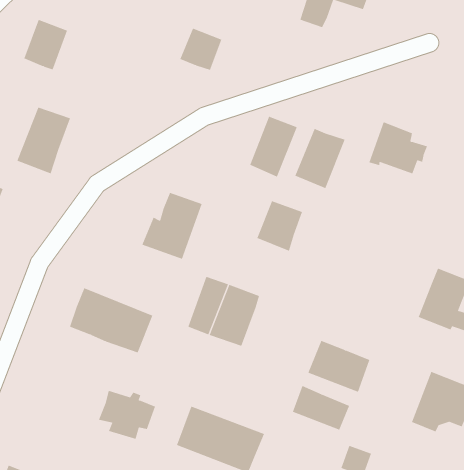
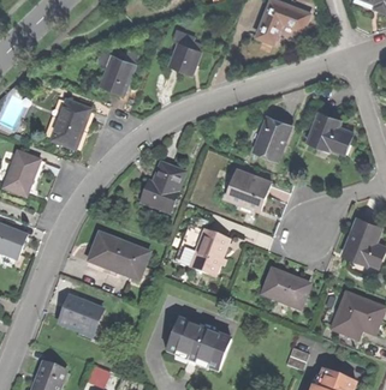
building: [23,19,68,70] -> [101,55,133,92]
building: [250,116,298,177] -> none
building: [292,385,350,430] -> none
building: [98,390,156,439] -> [60,296,102,332]

